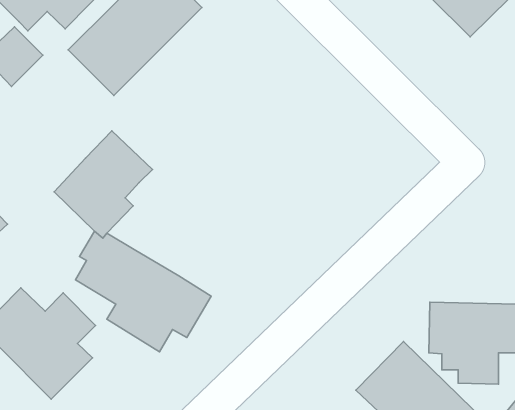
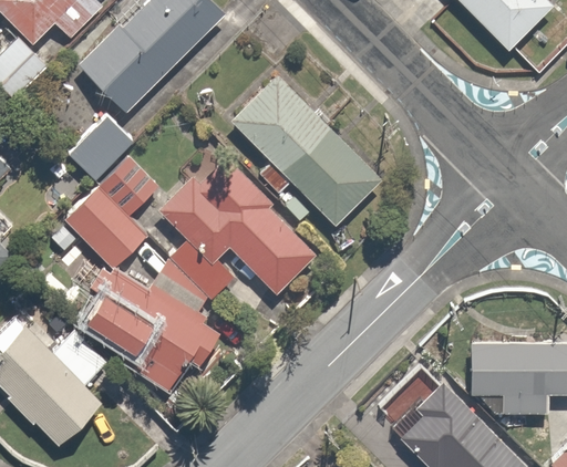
building: none -> [226,71,381,225]
building: none -> [65,115,133,184]
building: none -> [148,158,311,312]

